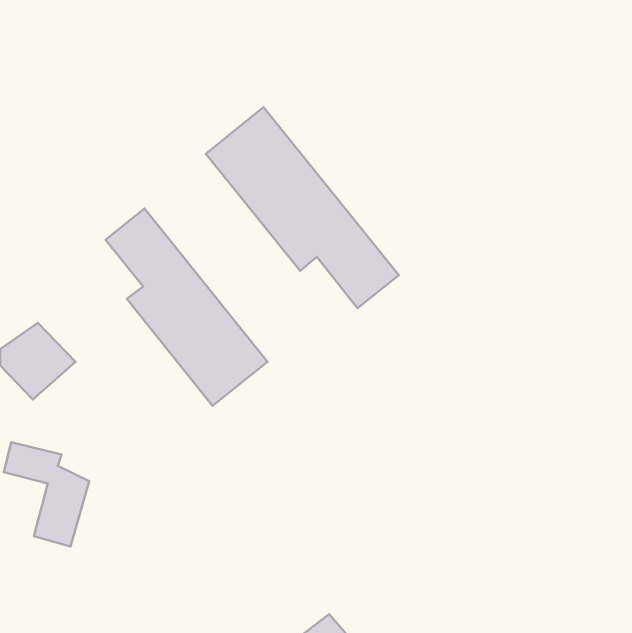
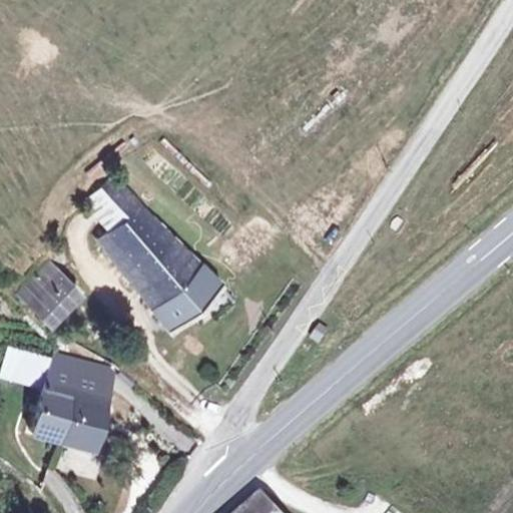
building: [206,107,399,308] -> none
building: none -> [54,358,115,451]

